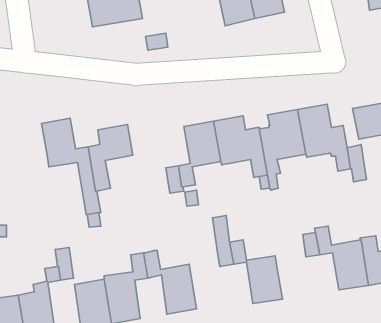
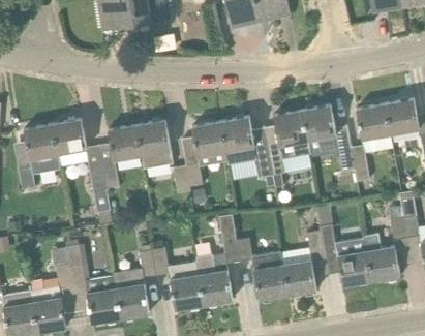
building: none -> [136,120,173,167]
building: none -> [18,123,60,188]
building: none -> [196,251,233,304]
building: none -> [282,259,316,295]

